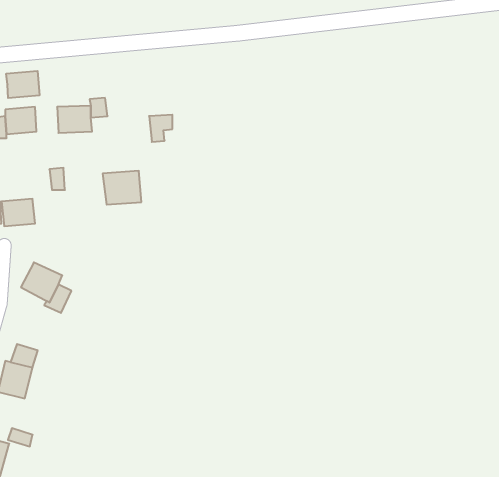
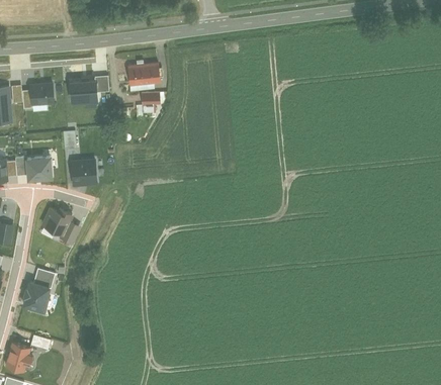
building: [6,71,39,98] -> none
building: none -> [126,61,161,87]
building: [103,171,141,205] -> [71,160,101,186]

